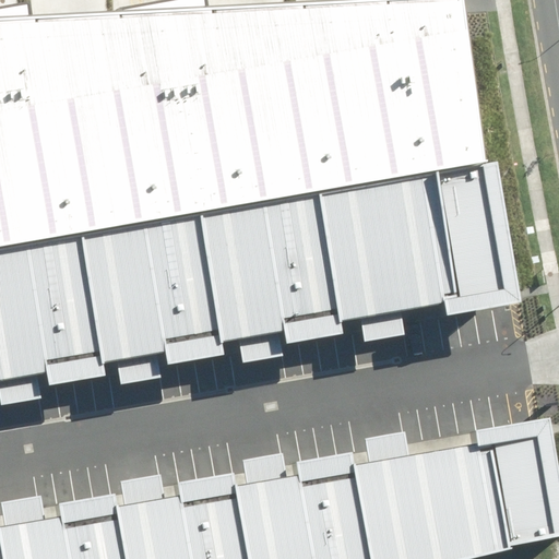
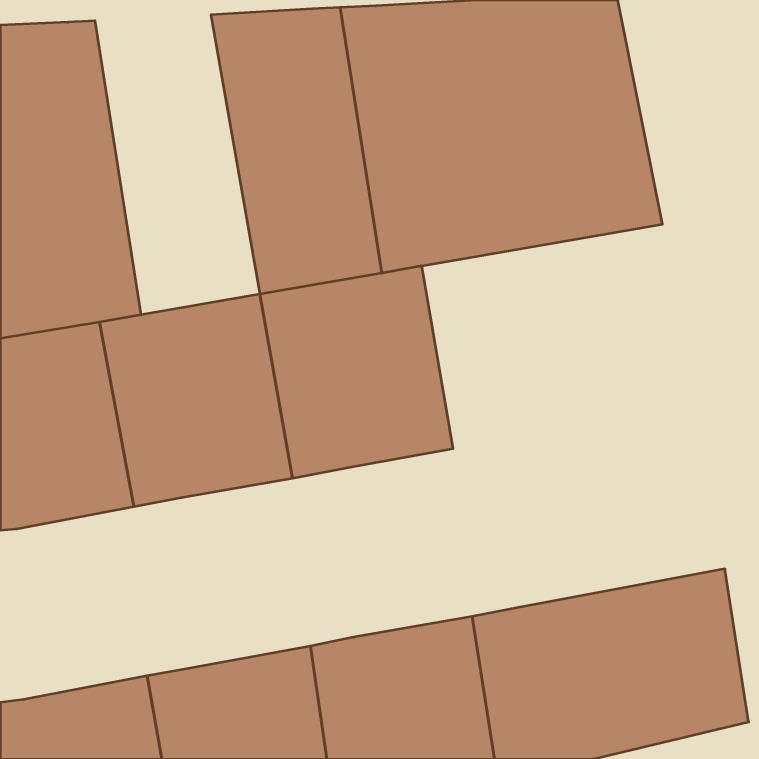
building: [70,11,191,231] -> none
building: [310,165,513,330] -> none

